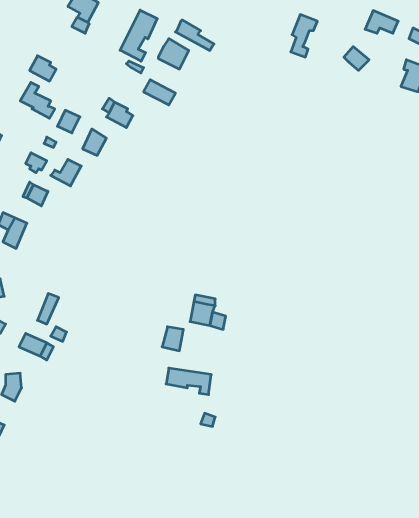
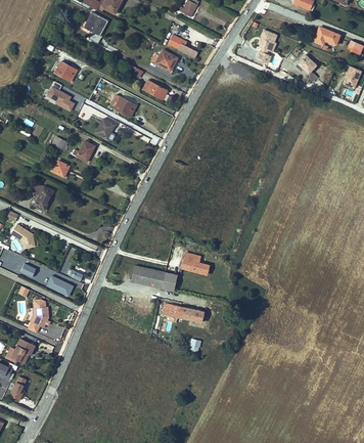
building: [120,10,157,61] -> none
building: none -> [128,263,162,285]

